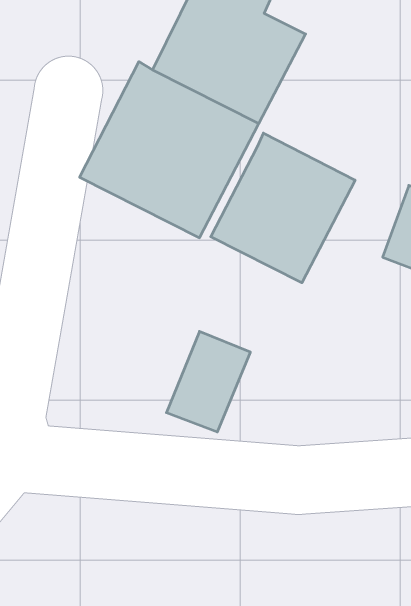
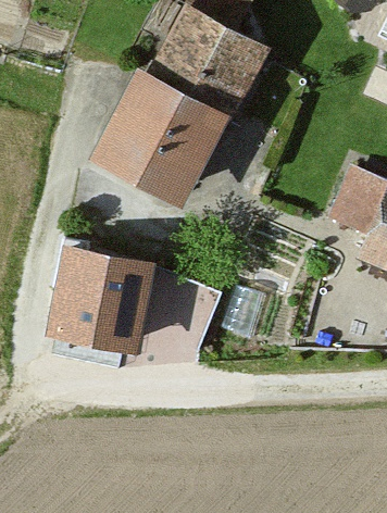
building: [211,133,355,283] -> none
building: none -> [45,236,157,352]

